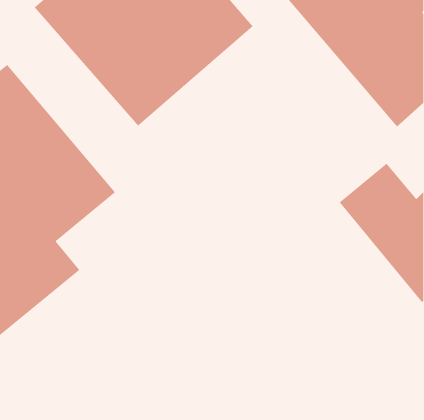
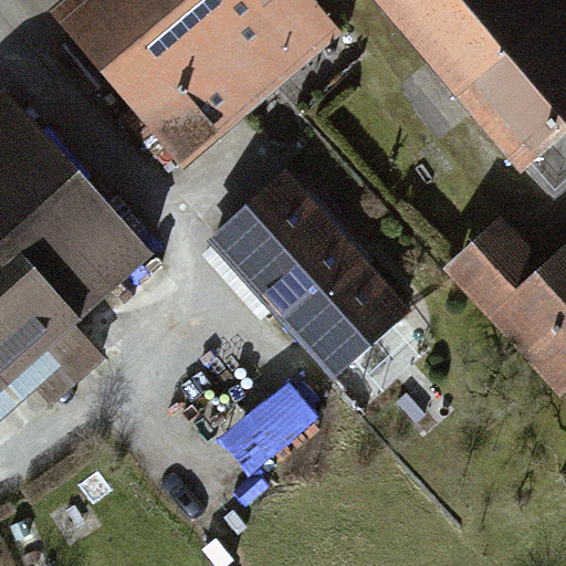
building: none -> [209,170,411,377]

